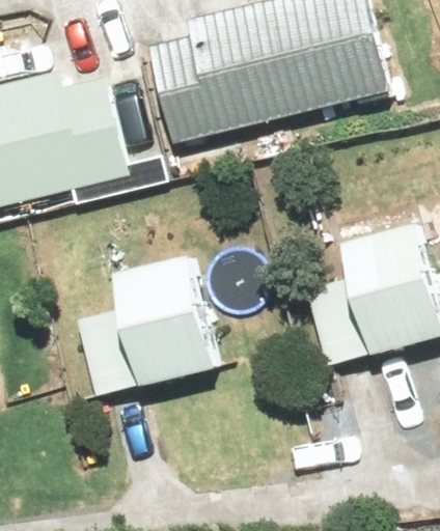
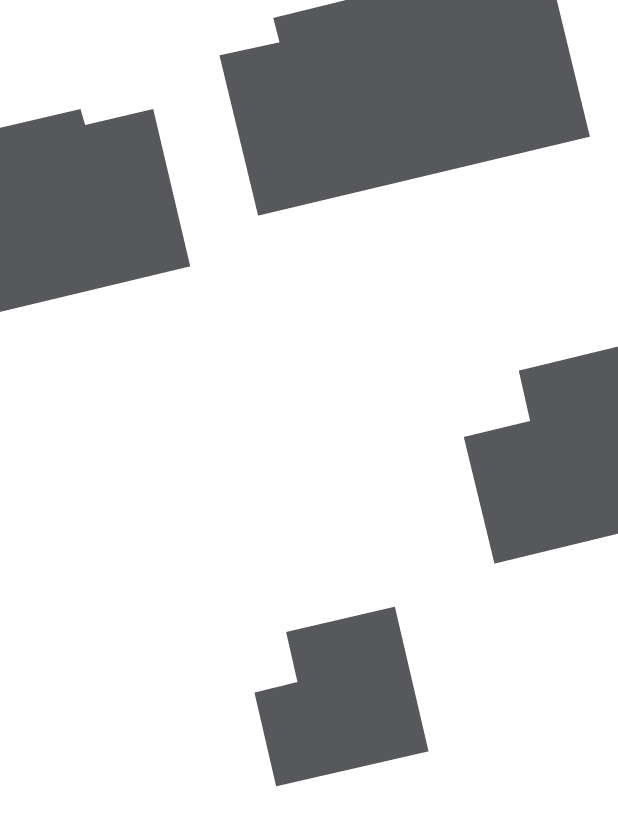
building: [76,251,219,393] -> none
building: none -> [254,606,429,787]

